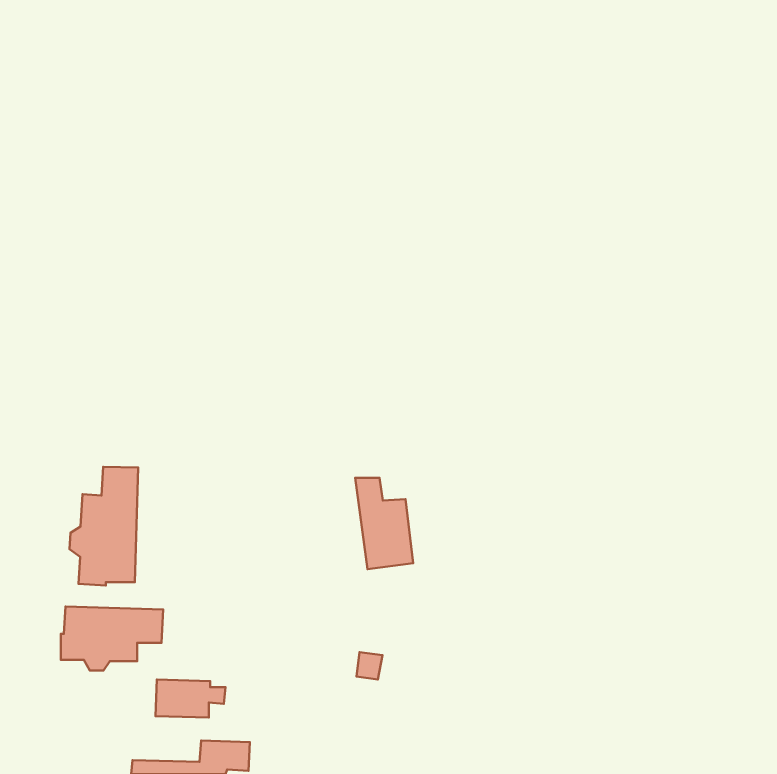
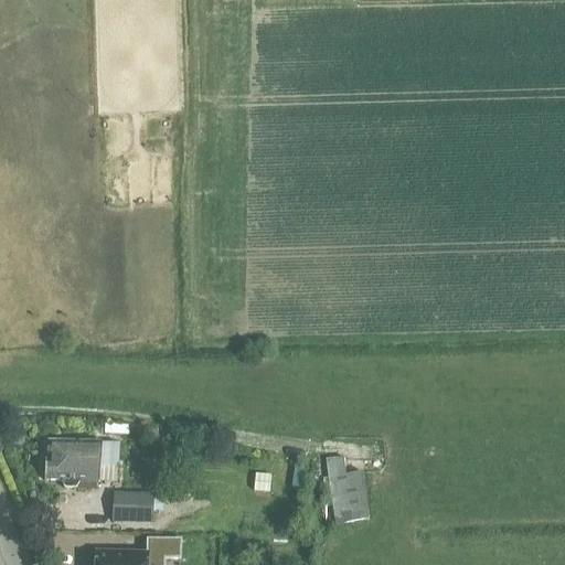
building: [70,467,138,586] -> none
building: [355,478,413,569] -> [327,455,369,521]

